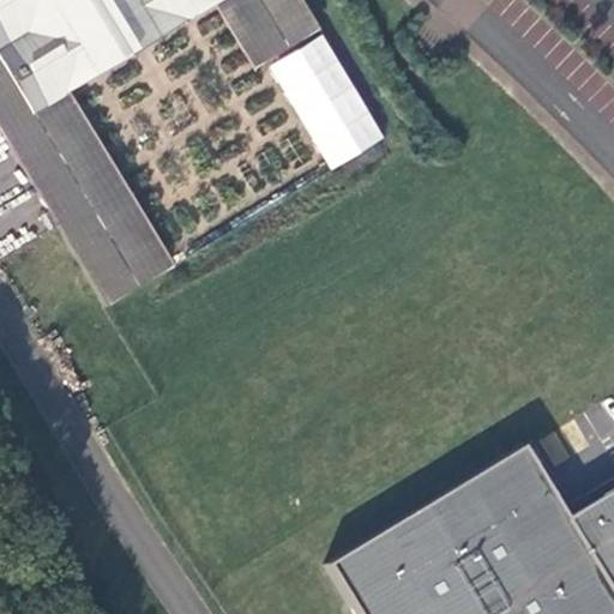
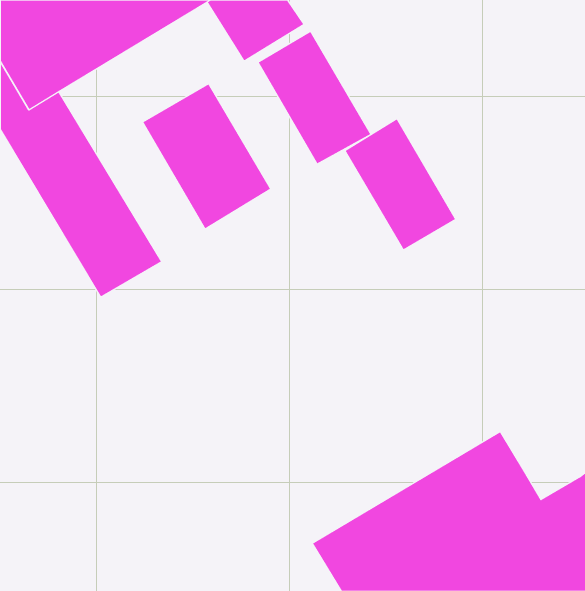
building: none -> [142,83,271,229]
building: none -> [345,118,456,250]

